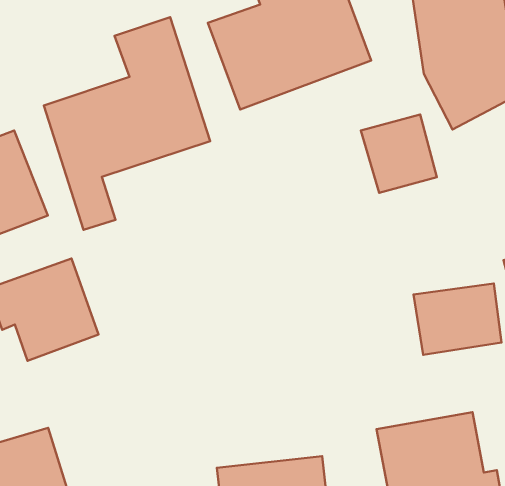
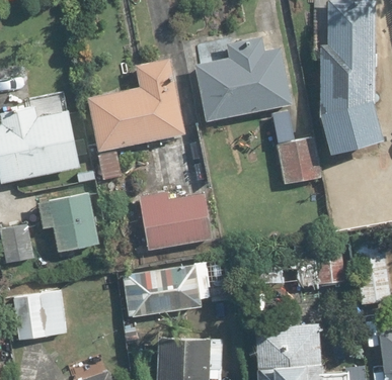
building: none -> [138,191,210,251]
building: none -> [120,262,228,318]

